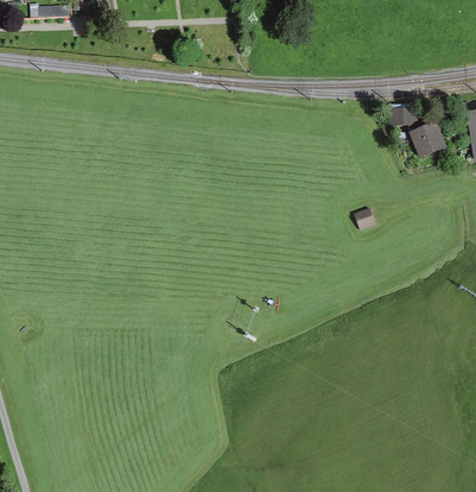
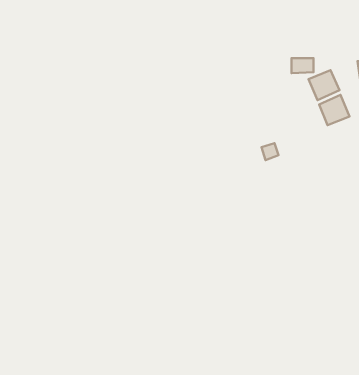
building: none -> [319,95,350,125]

